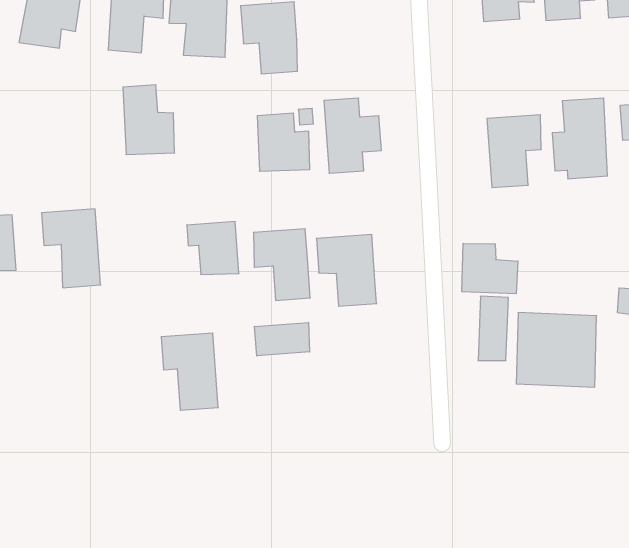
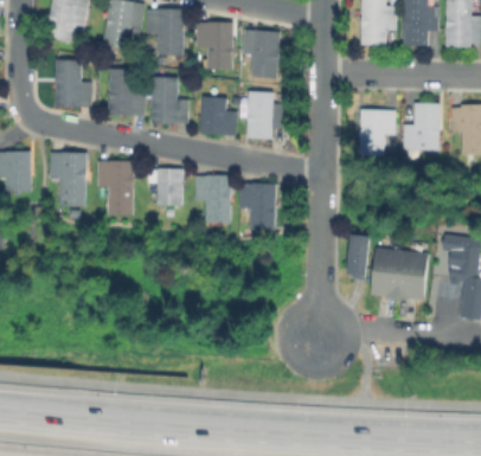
building: none -> [243,31,280,79]
building: none -> [56,60,92,104]
building: none -> [154,78,192,123]
building: [462,243,518,294] -> none
building: [254,322,310,356] -> none
building: [161,333,218,410] -> [98,161,134,212]

